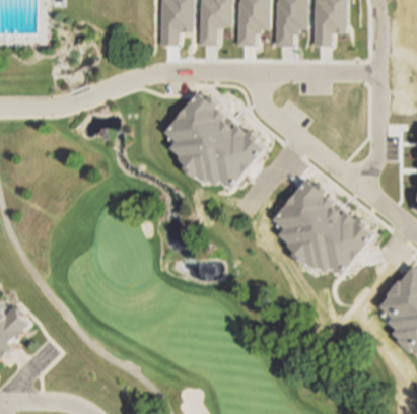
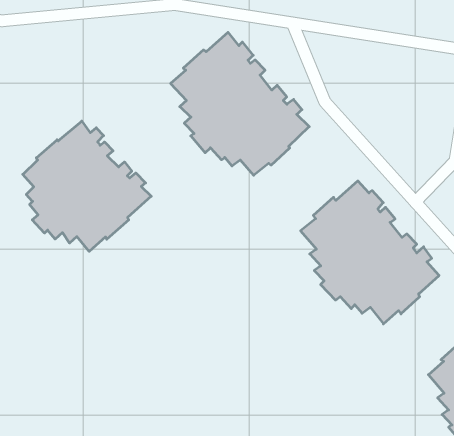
building: none -> [23,121,151,251]

